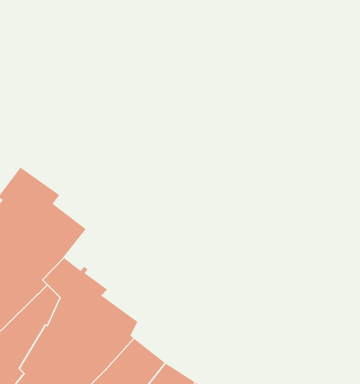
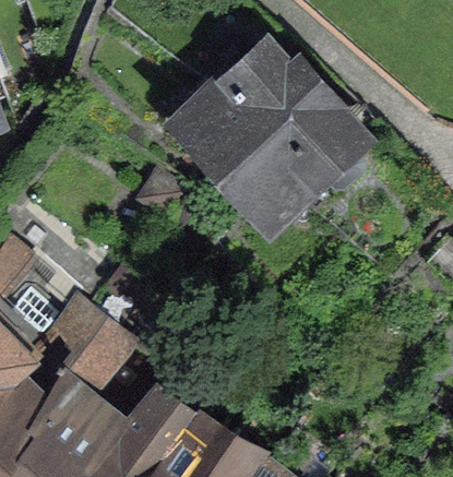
building: none -> [200,48,361,206]

